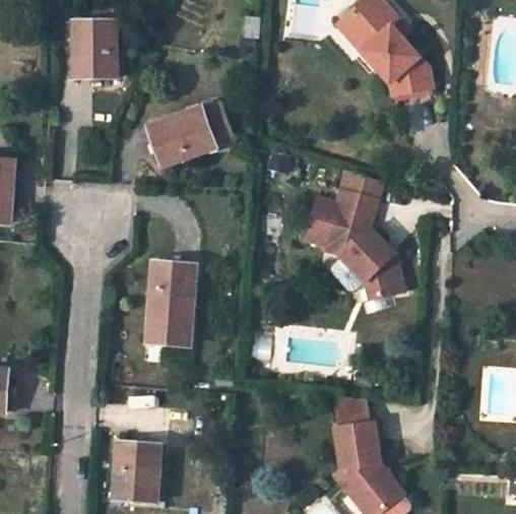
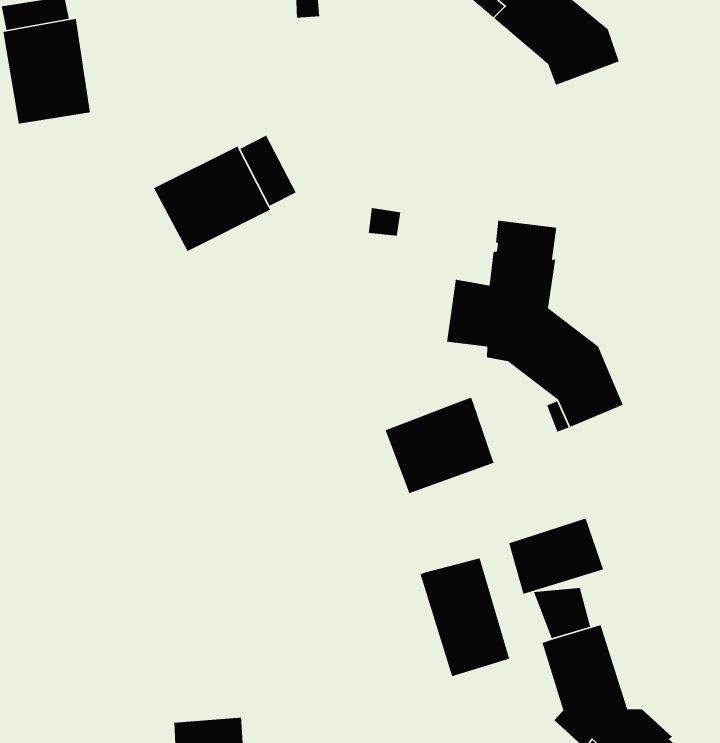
building: [146,262,194,346] -> none
building: none -> [385,397,495,494]
building: none -> [508,517,604,595]
building: none -> [419,557,510,677]

